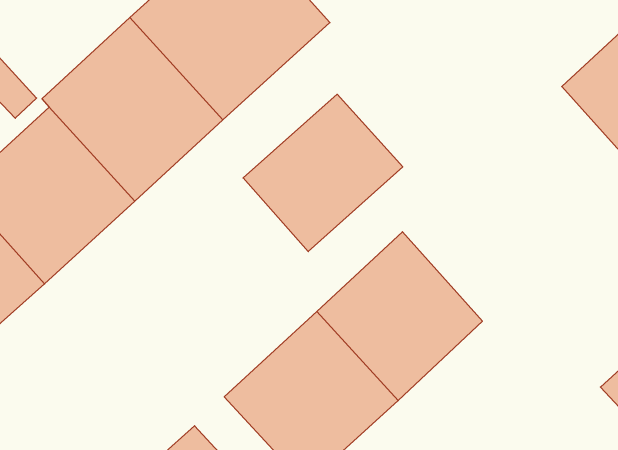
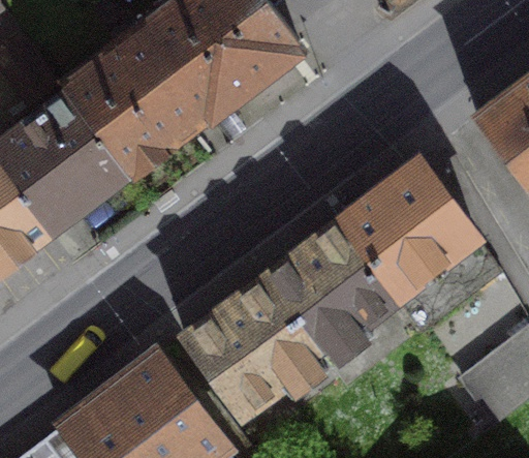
building: [243,94,403,252] -> none
building: none -> [338,160,500,331]

